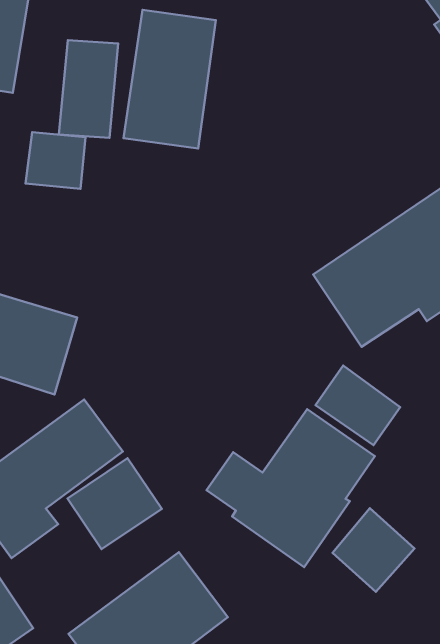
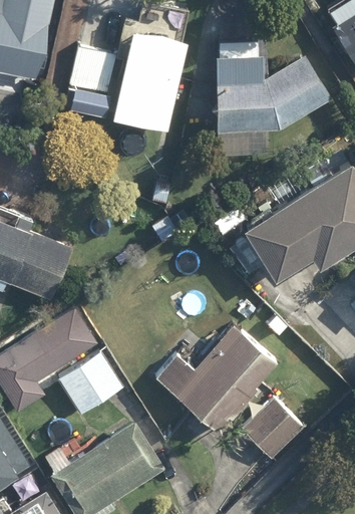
building: none -> [218,53,334,158]
building: [26,132,85,189] -> none
building: [316,366,400,445] -> none

